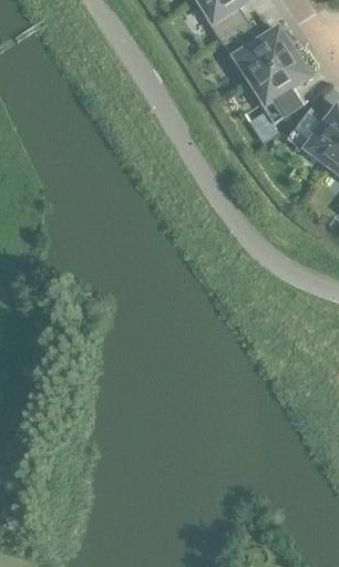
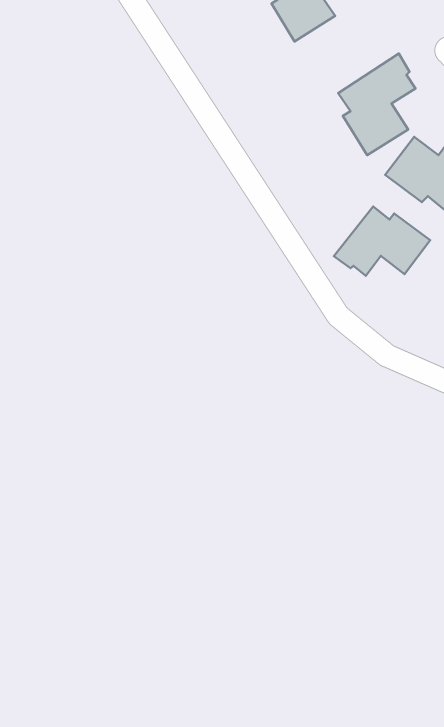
building: [219,22,296,79] -> none
building: none -> [334,206,430,276]

